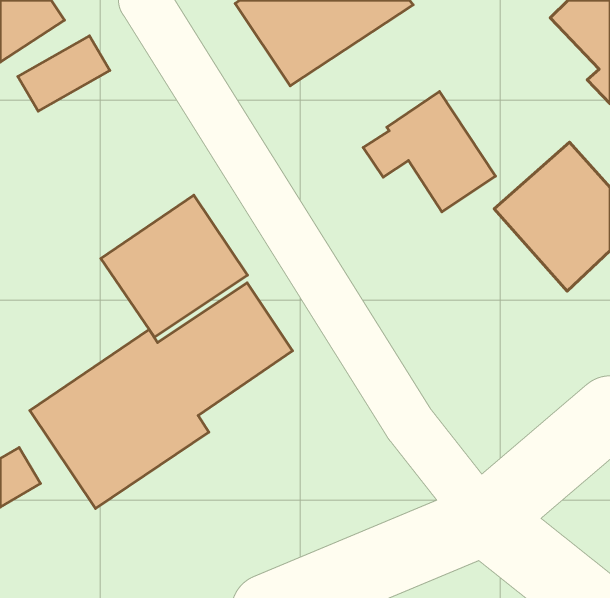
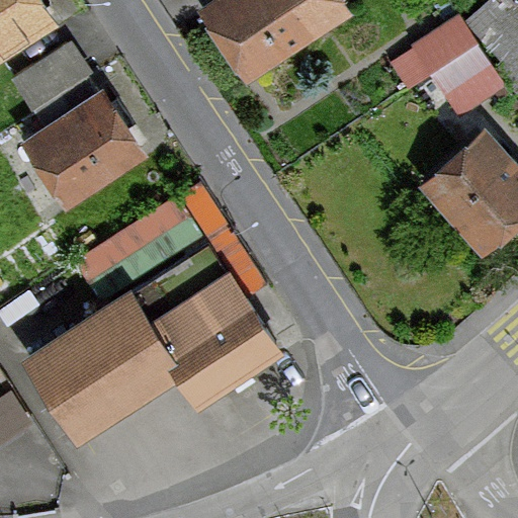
building: [363,91,496,212] -> [391,20,503,122]
building: [101,195,248,337] -> [20,90,145,210]
building: none -> [168,308,280,410]

